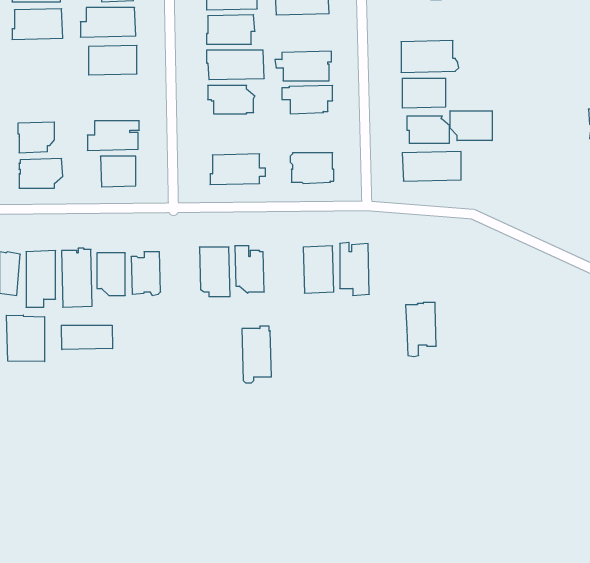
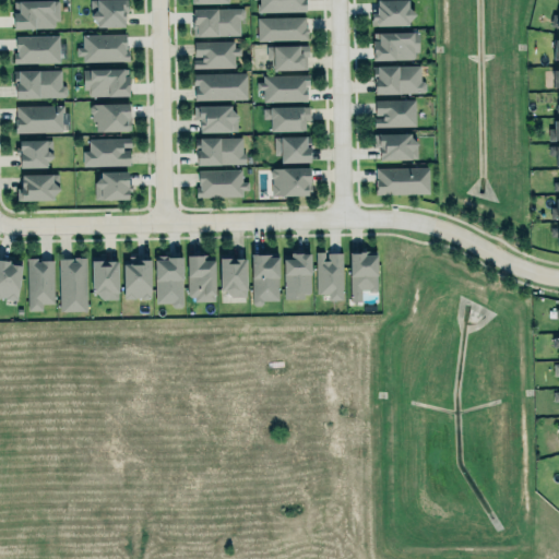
building: none -> [374,33,420,61]
building: none -> [267,47,309,71]
building: none -> [15,71,68,99]
building: none -> [15,105,67,135]
building: none -> [91,105,130,132]
building: [450,111,492,141] -> none
building: none -> [198,138,245,166]
building: none -> [275,138,312,164]
building: none -> [155,258,183,306]
building: [406,302,436,357] -> [350,252,379,302]
building: [6,315,45,362] -> none
building: [61,325,113,350] -> none
building: [242,326,271,383] -> [253,254,281,307]

